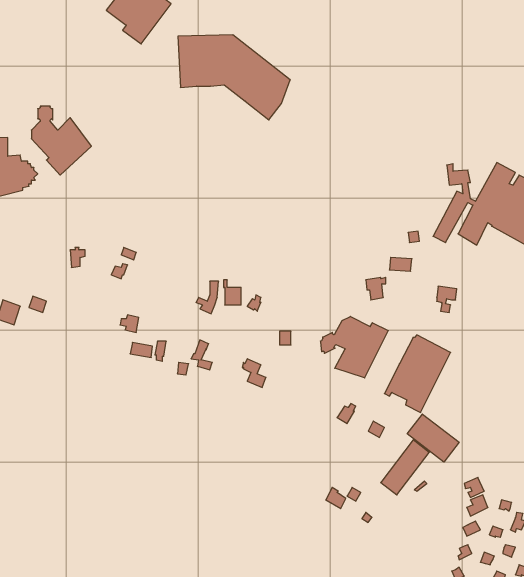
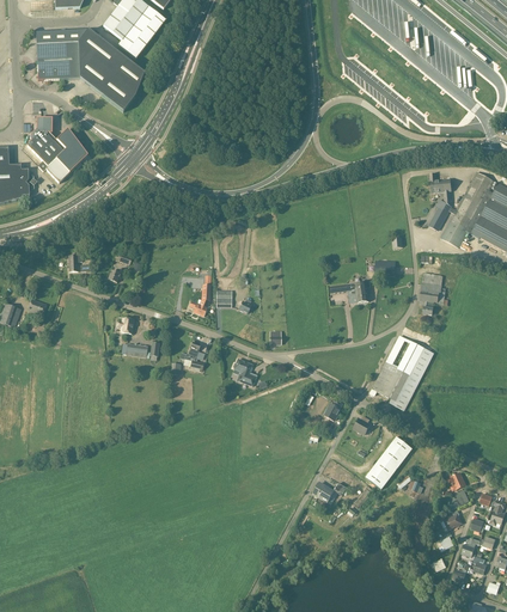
building: [178,35,290,120] -> [36,29,143,110]
building: [321,316,388,378] -> none
building: [407,414,459,462] -> none

